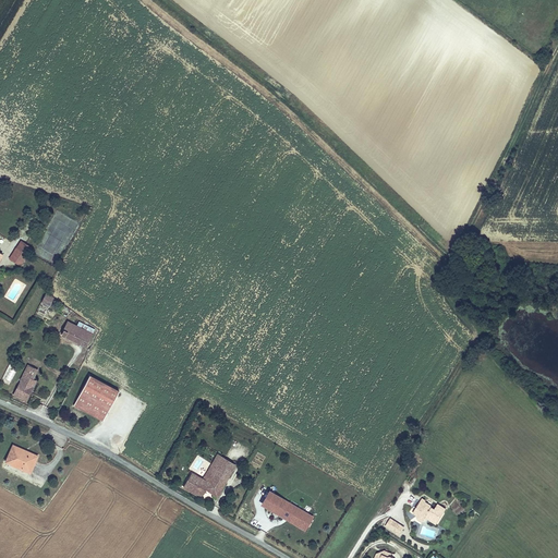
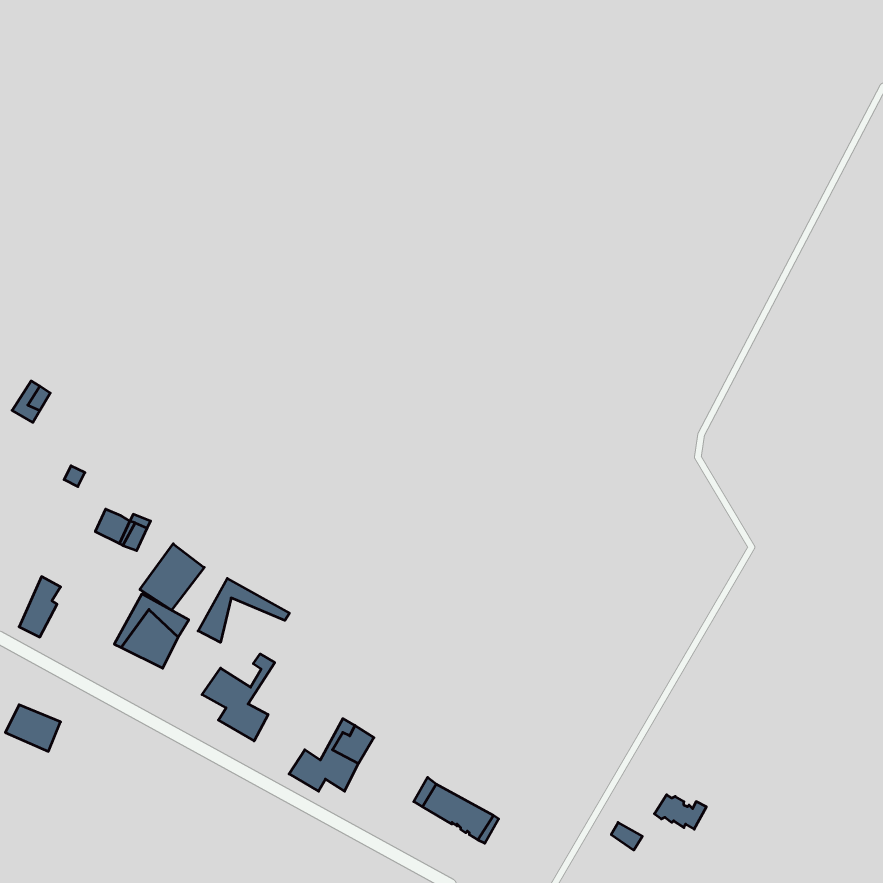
building: none -> [140,544,204,610]
building: none -> [198,578,289,642]
building: none -> [202,654,275,741]

